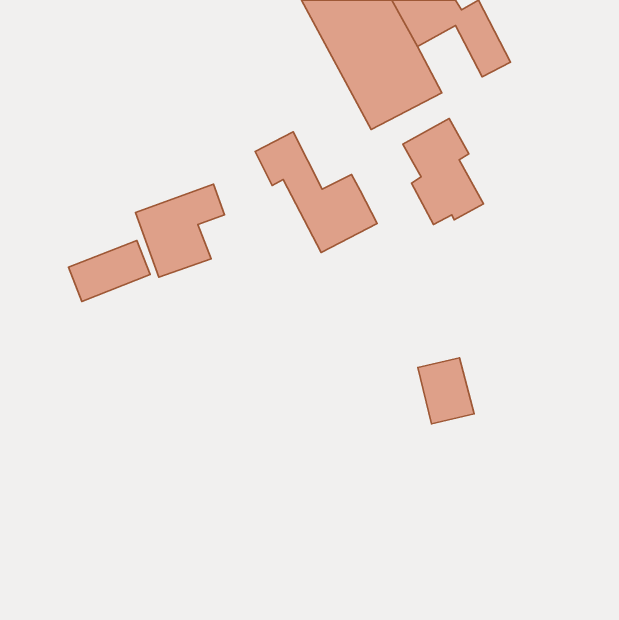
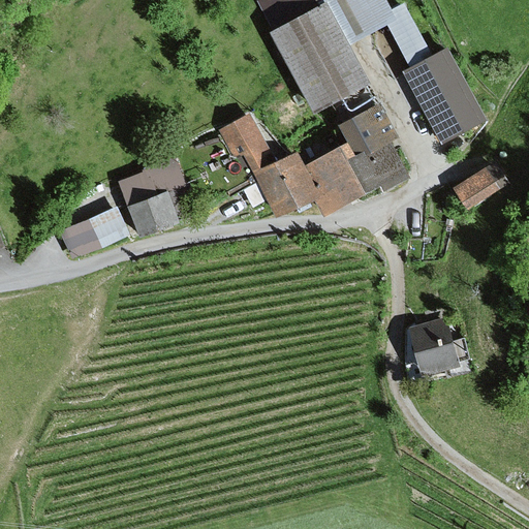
building: none -> [402,46,487,144]
building: none -> [305,141,367,213]
building: none -> [454,163,507,209]
building: [418,358,474,424] -> [410,319,458,375]

